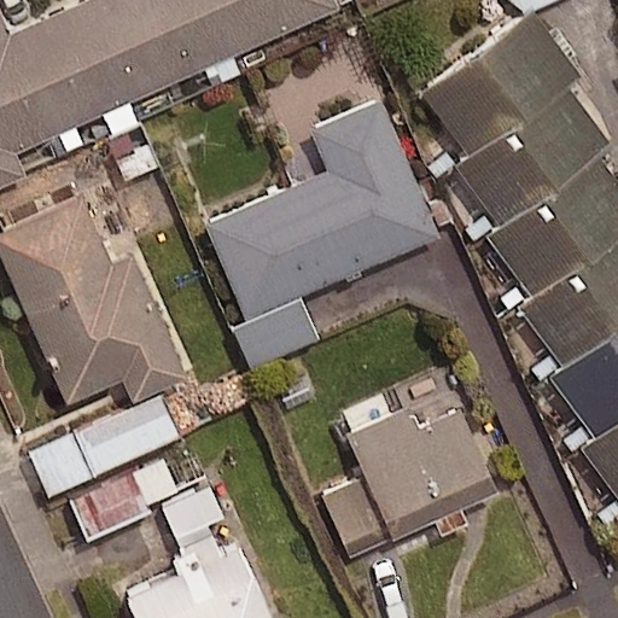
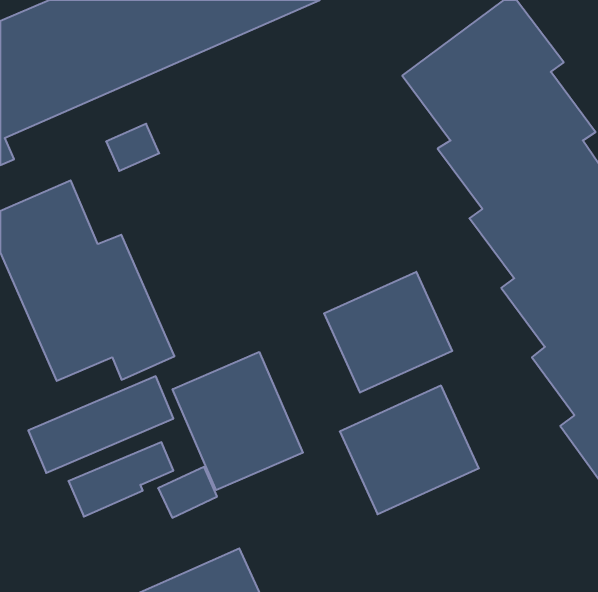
building: [202,98,436,316] -> none
building: none -> [324,272,452,393]
building: none -> [173,352,303,490]

